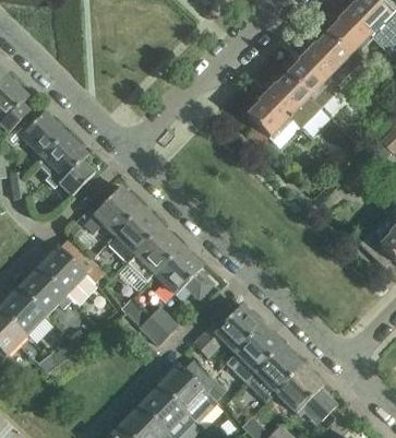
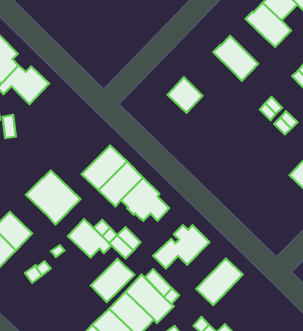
building: [287,54,341,108] -> none
building: [247,94,289,138] -> [168,77,203,113]
building: [37,133,95,196] -> none
building: [84,187,141,235] -> none
building: [19,268,71,315] -> [68,219,111,258]
building: [226,325,281,382] -> none
building: none -> [91,259,134,302]
building: [276,365,337,419] -> none

